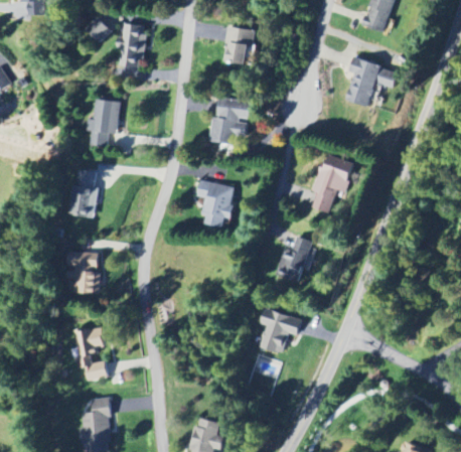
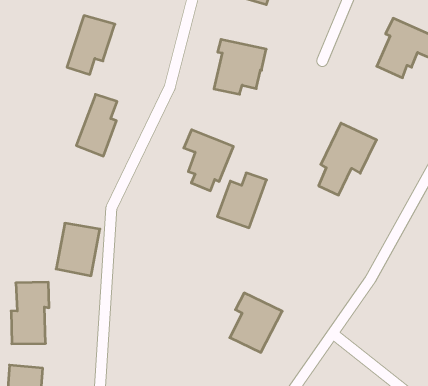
building: [68,168,99,218] -> [76,94,117,156]
building: [277,238,313,283] -> [217,173,267,228]
building: [68,254,100,294] -> [56,223,100,276]

